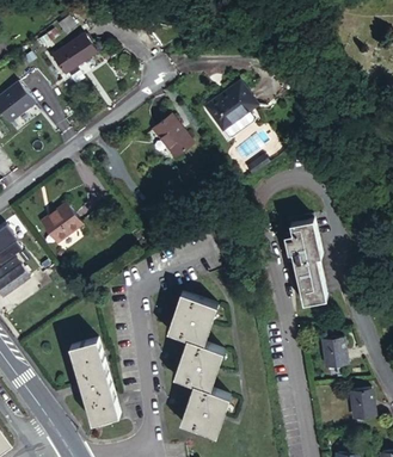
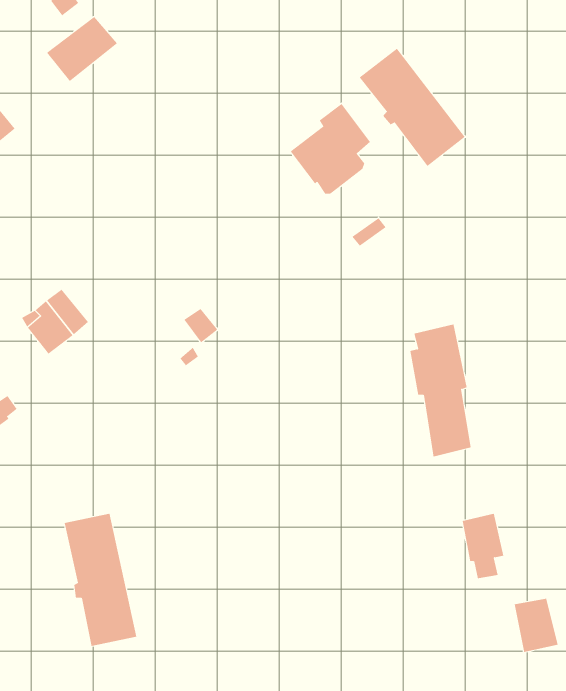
building: none -> [359,48,465,167]
building: [156,122,196,163] -> none
building: [164,292,222,440] -> none

